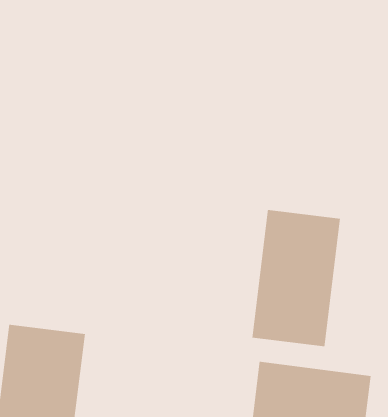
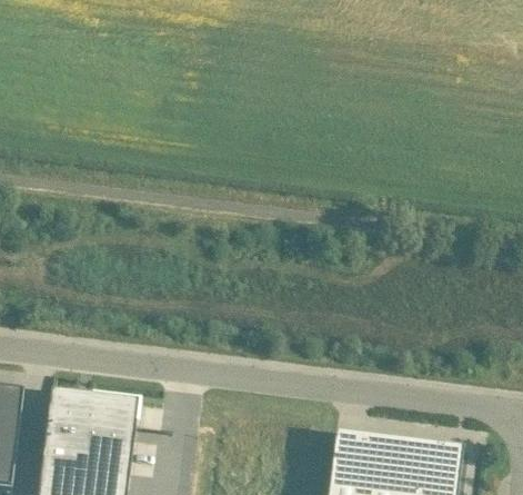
building: [252,209,340,347] -> none

